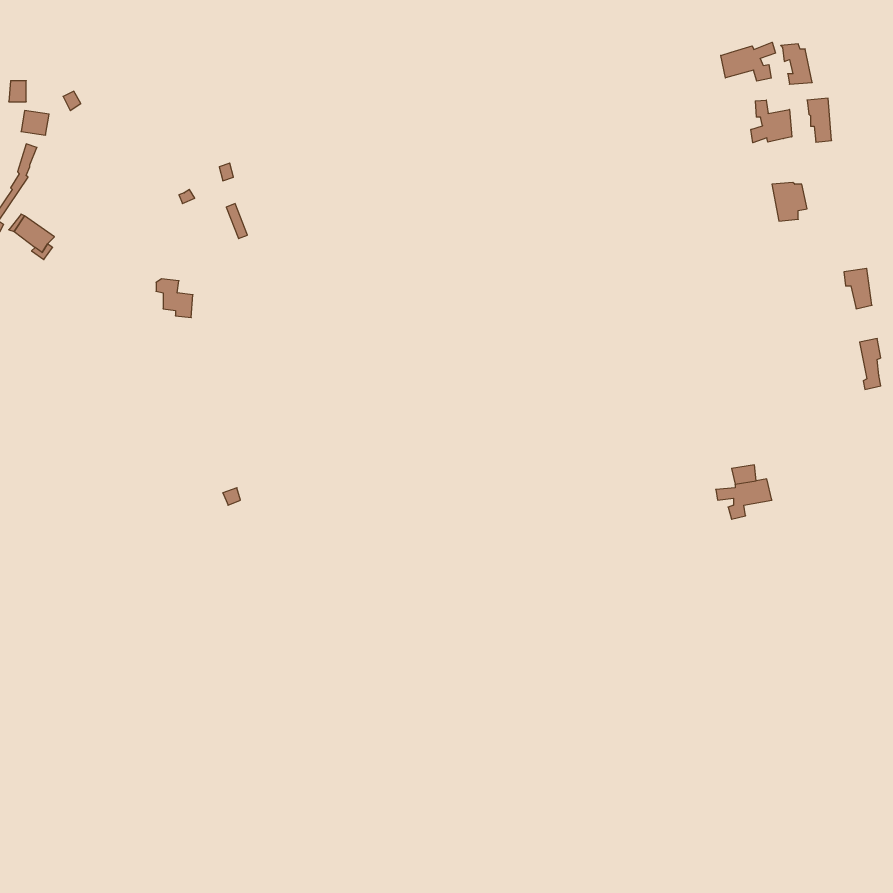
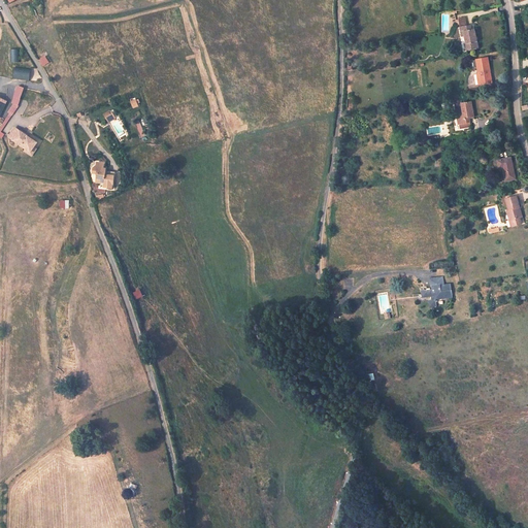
building: [721,42,775,81] -> none
building: [751,100,792,143] -> none

